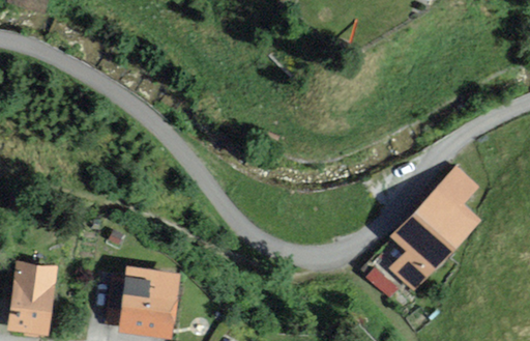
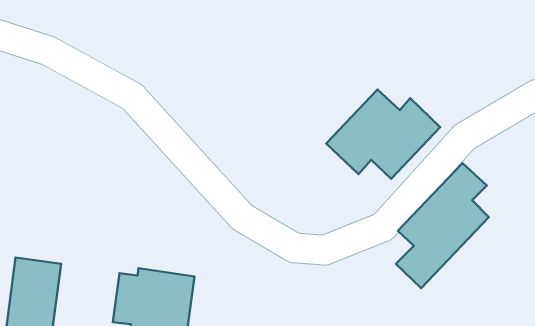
building: none -> [326,89,440,179]

